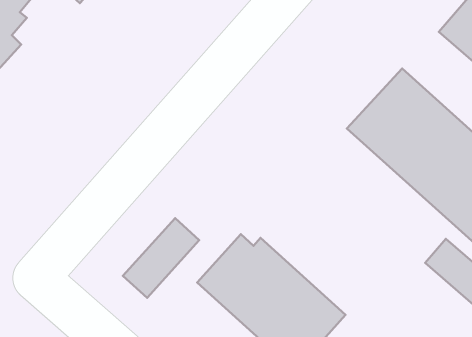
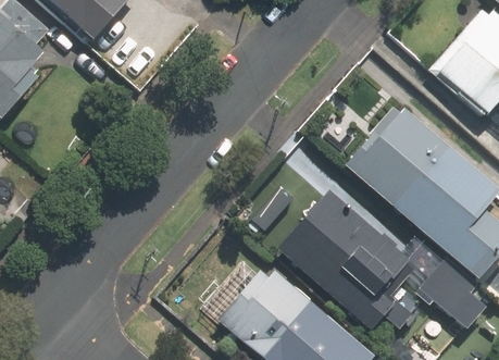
building: none -> [276,188,416,333]
building: [123,218,199,298] -> none

